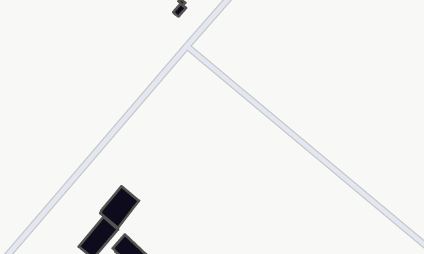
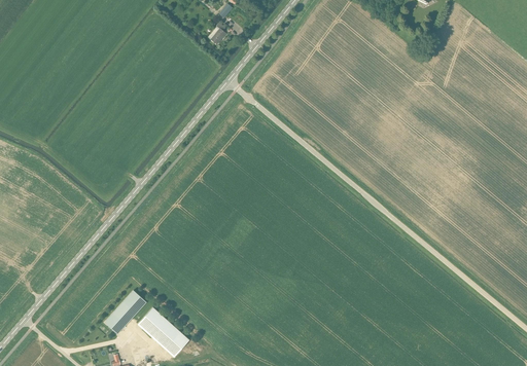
building: [100,186,139,228] -> none

